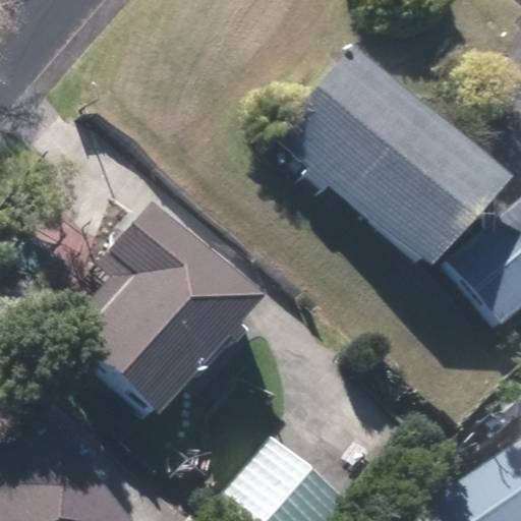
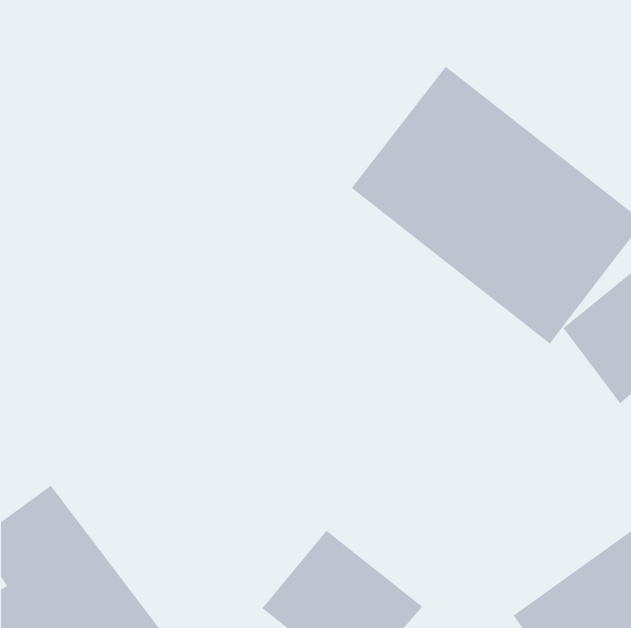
building: [71,198,264,415] -> none

